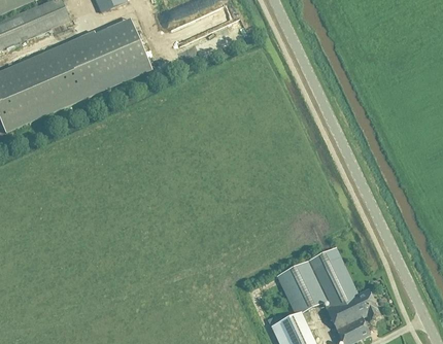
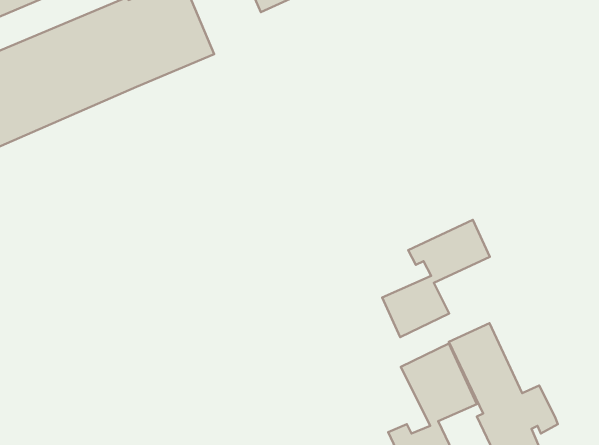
building: none -> [382,220,490,337]

